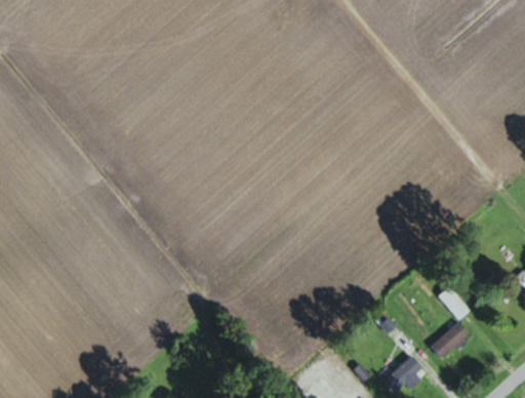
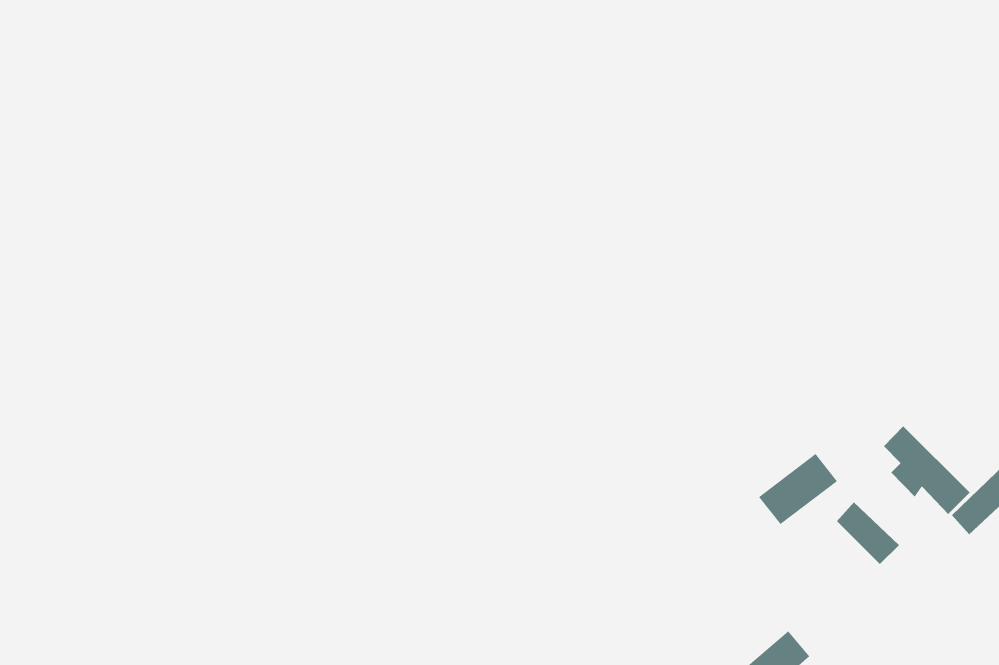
building: none -> [883,426,970,515]
building: [431,322,472,359] -> [758,453,838,525]

